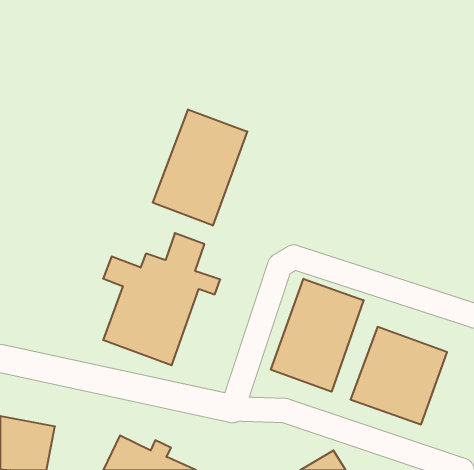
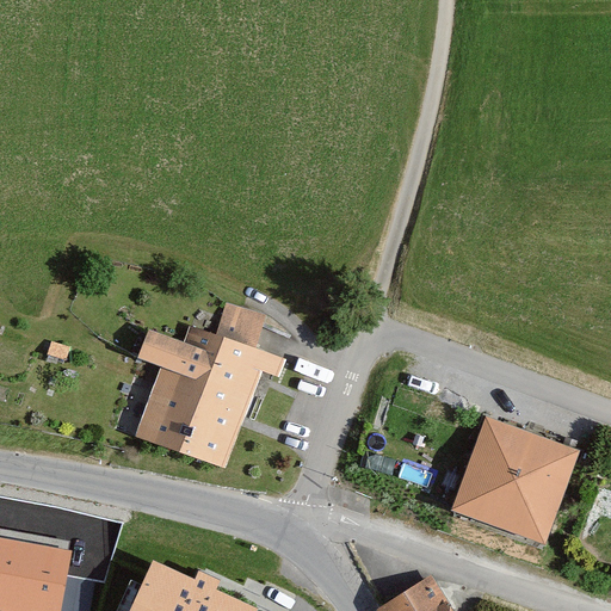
building: [153,109,247,226] -> none
building: [271,279,364,392] -> none

